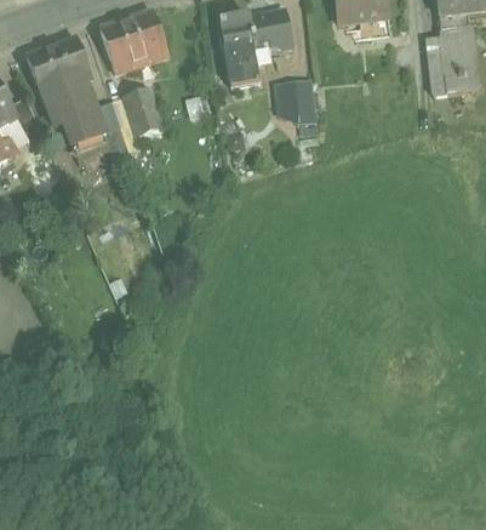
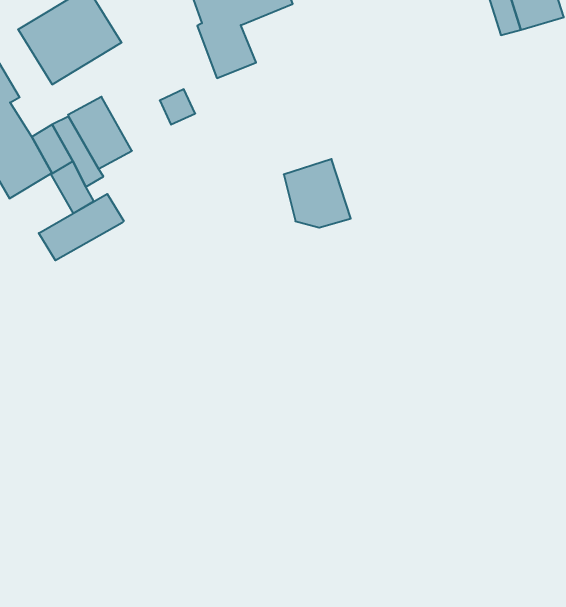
building: [276,75,318,121] -> [284,159,351,228]
building: none -> [39,194,124,260]

